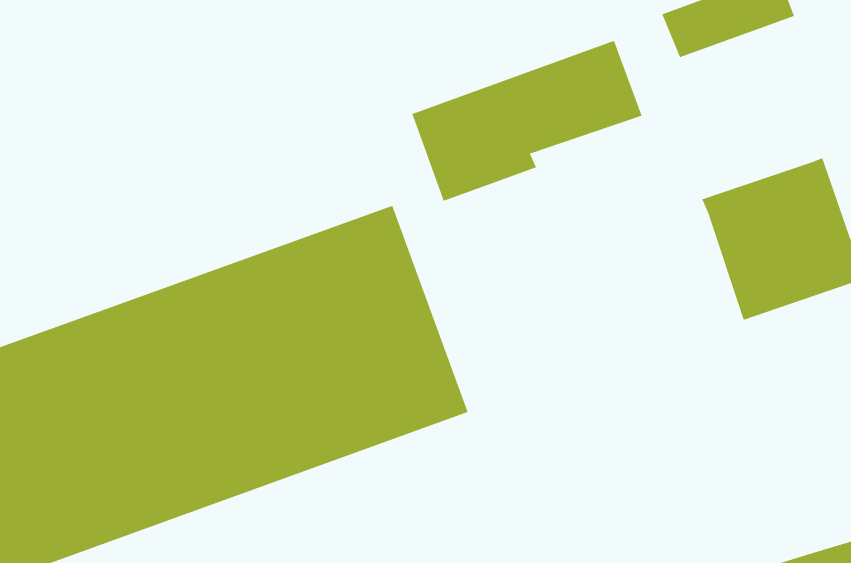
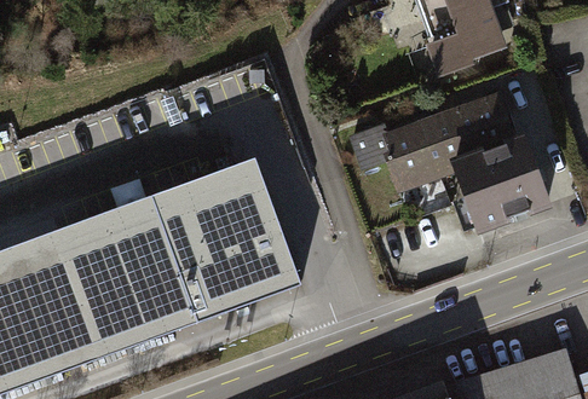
building: [411,40,642,201] -> [373,91,513,189]

